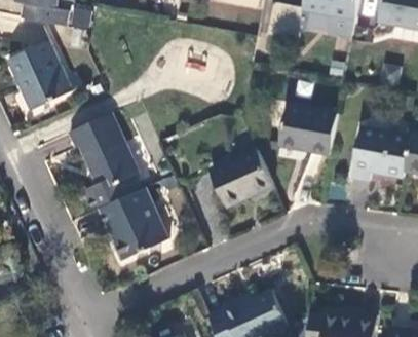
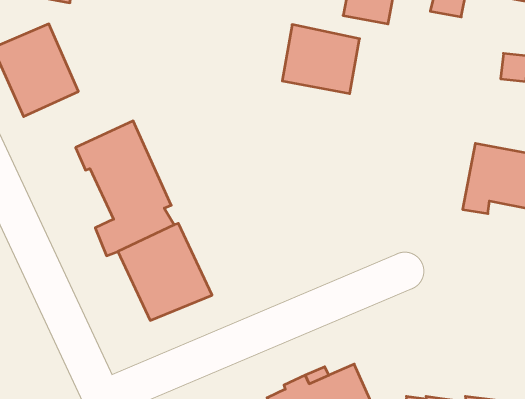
building: [279,104,336,154] -> [282,25,360,94]
building: [210,148,273,207] -> none

